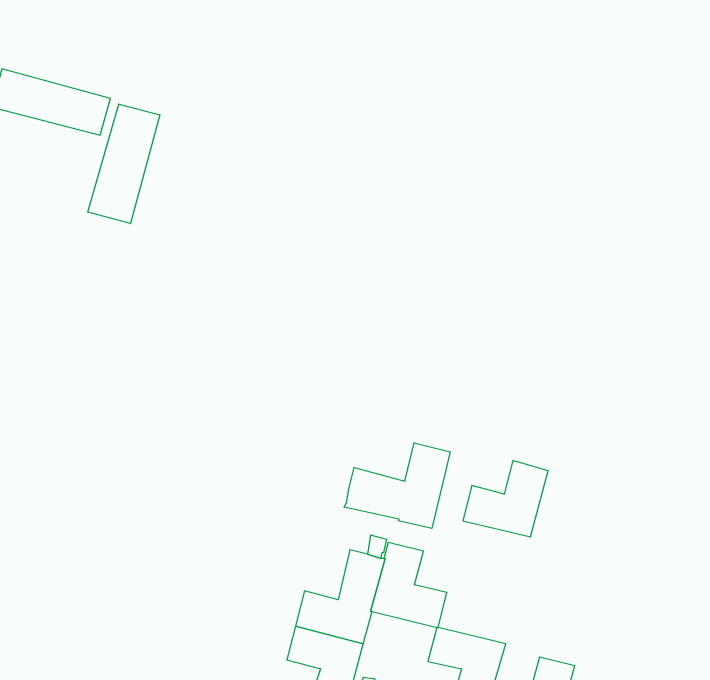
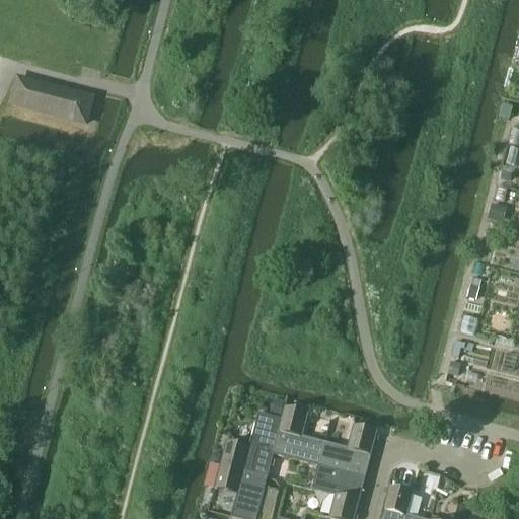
building: [88,104,160,224] -> none
building: [344,443,450,528] -> none
building: [463,461,548,537] -> [318,423,377,475]

